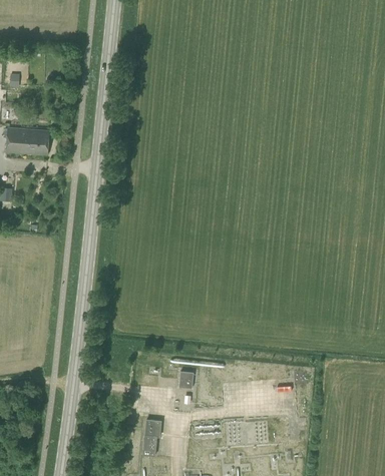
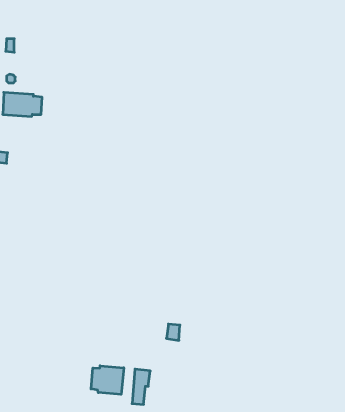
building: none -> [91,366,124,394]

